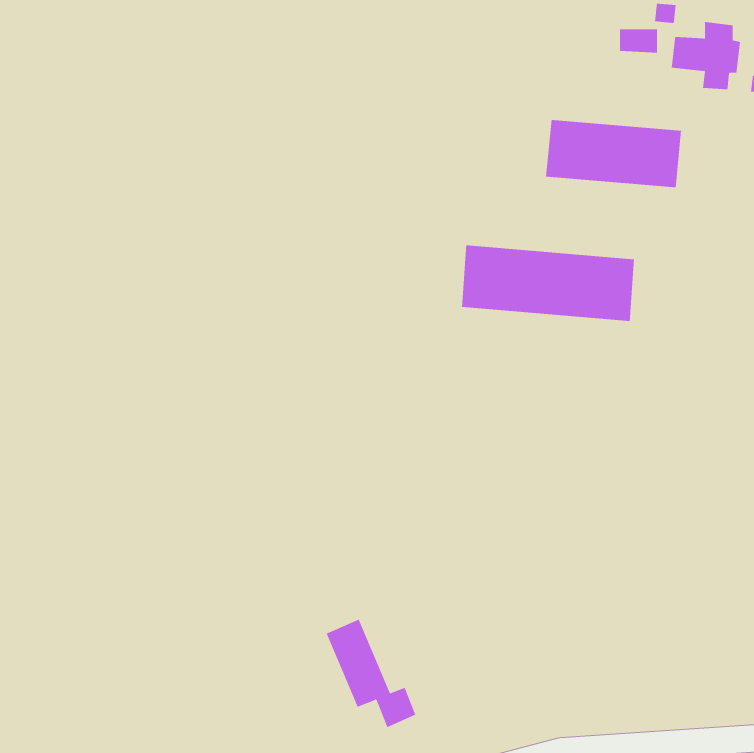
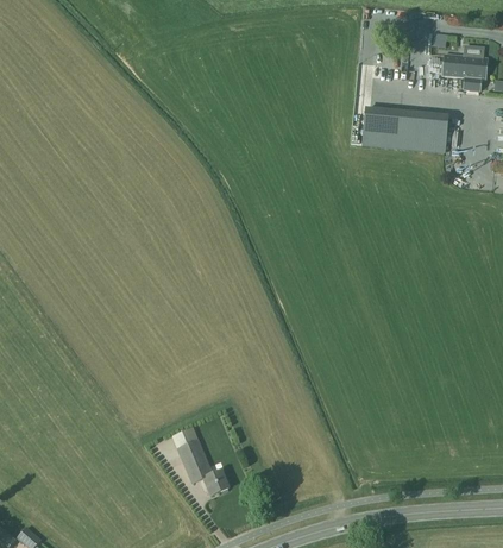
building: [461,244,634,322] -> none
building: [326,619,416,728] -> [171,427,230,497]

